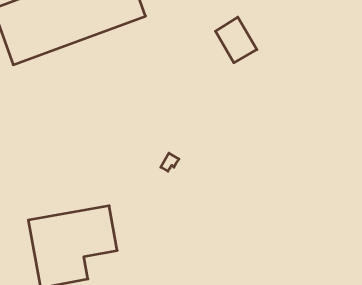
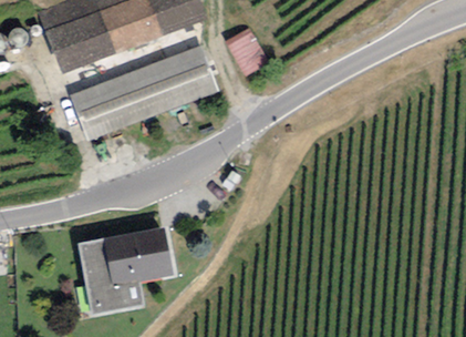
building: [215,17,257,63] -> [224,28,269,78]
building: none -> [69,44,218,142]

